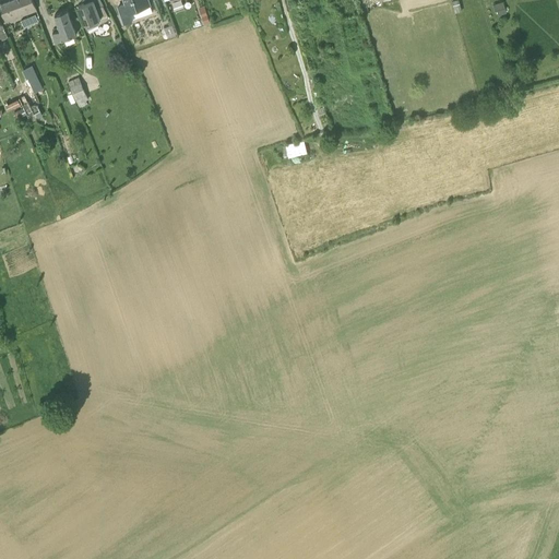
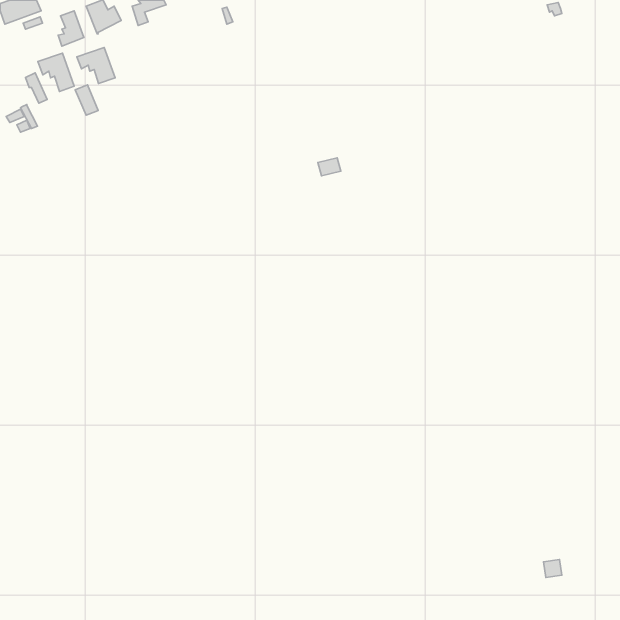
building: none -> [77,47,115,84]
building: none -> [38,53,74,91]

